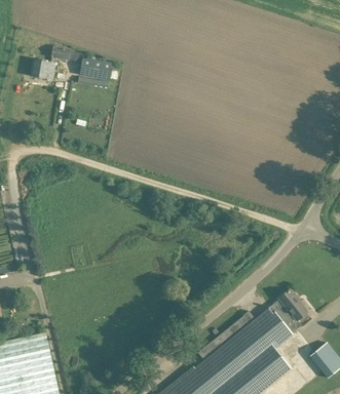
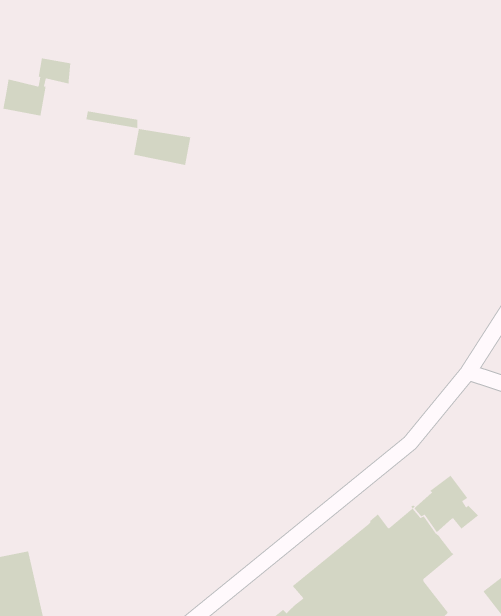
building: [79,58,113,80] -> [133,128,191,166]

